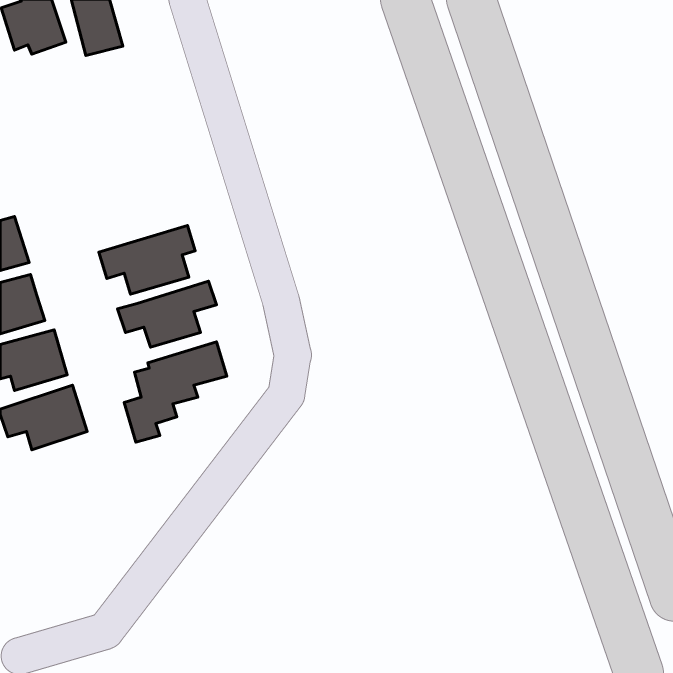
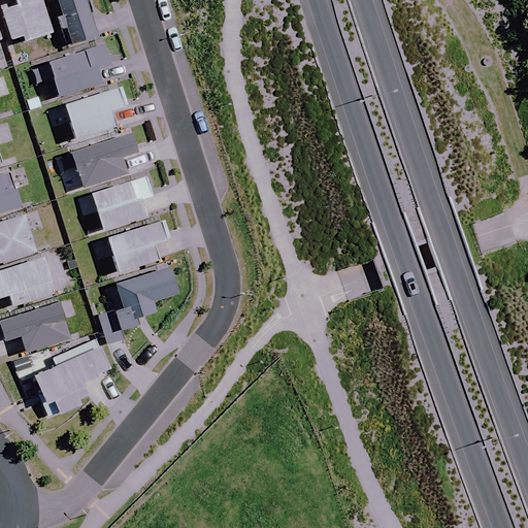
building: none -> [34,52,103,96]
building: none -> [48,87,128,138]
building: none -> [73,135,137,187]
building: none -> [35,338,109,417]

